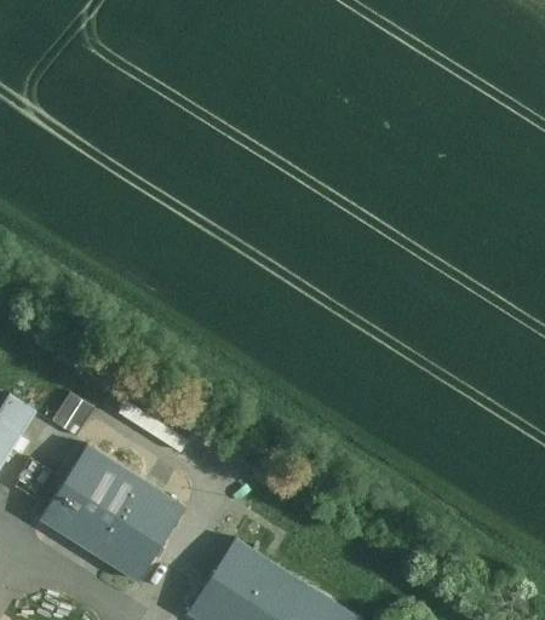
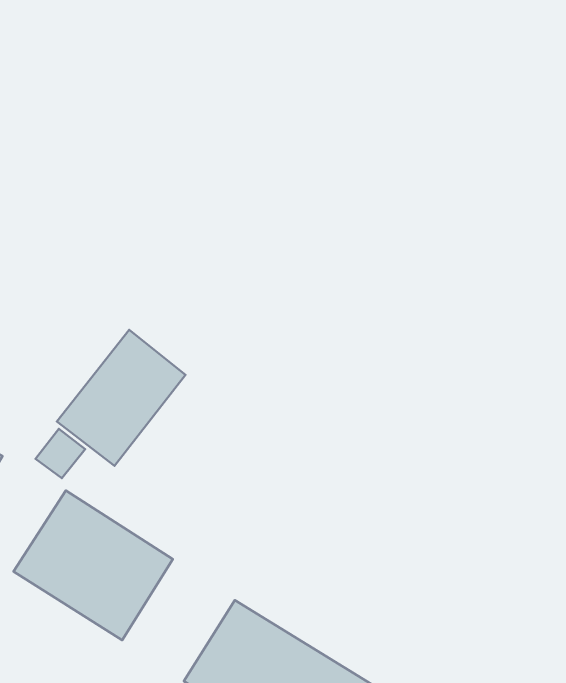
building: none -> [57,330,186,466]

